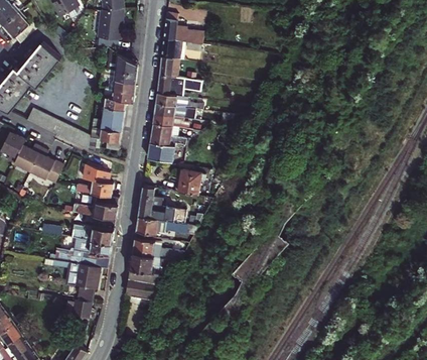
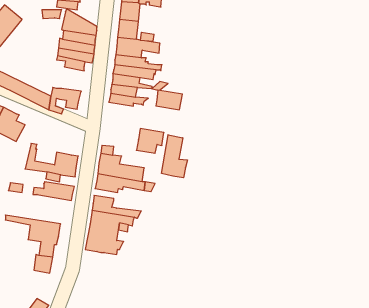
building: [101,106,124,131] -> none
building: [147,142,174,162] -> [156,90,182,110]
building: [69,163,113,197] -> none
building: none -> [162,135,187,178]
building: [56,237,111,268] -> none

